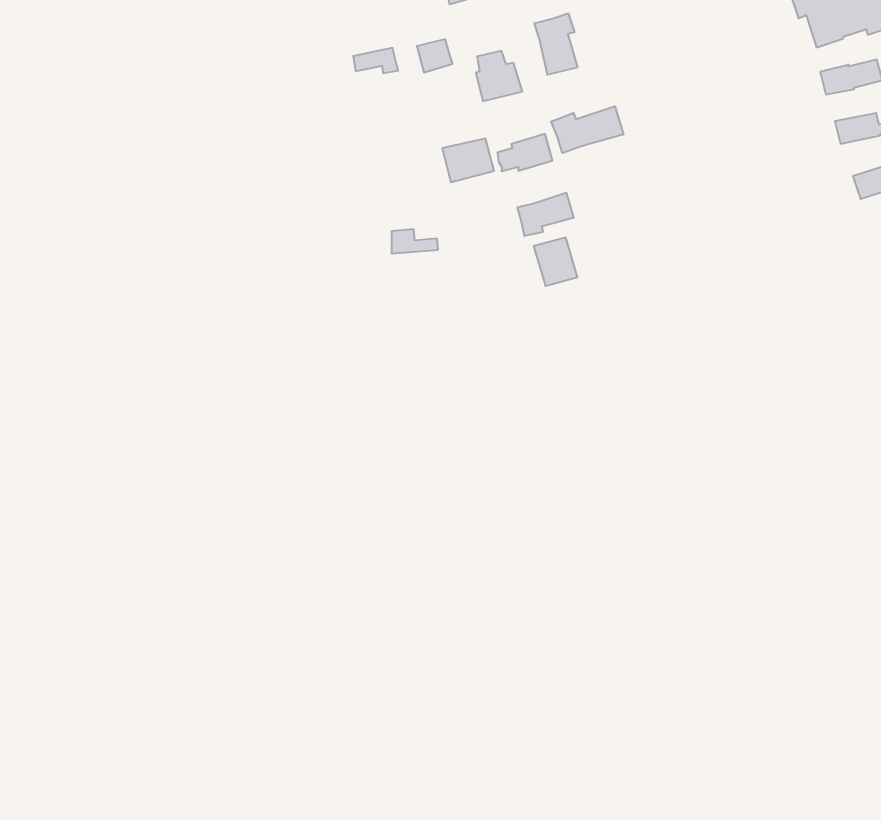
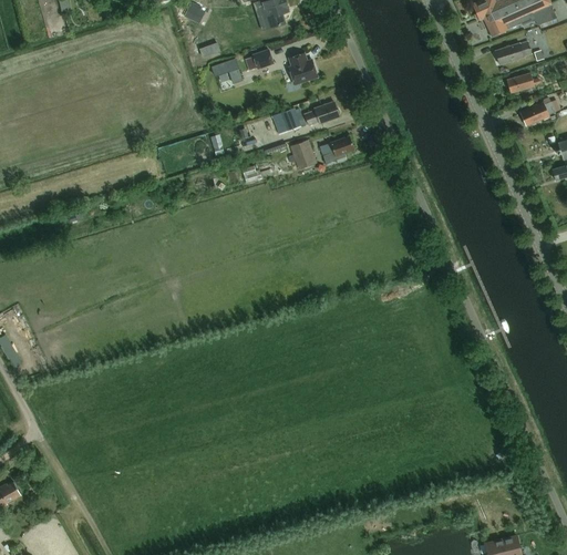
building: [535,13,577,75] -> none
building: [551,106,623,153] -> none
building: [534,237,577,286] -> [289,141,317,171]

